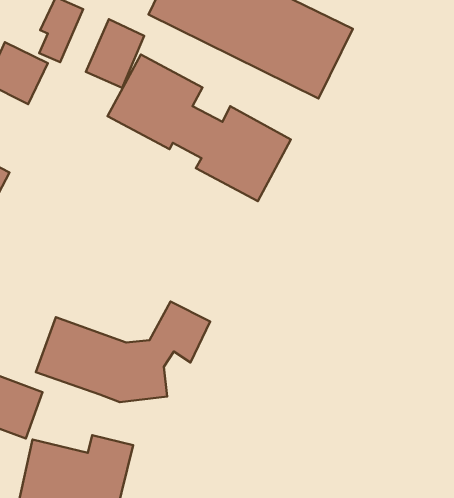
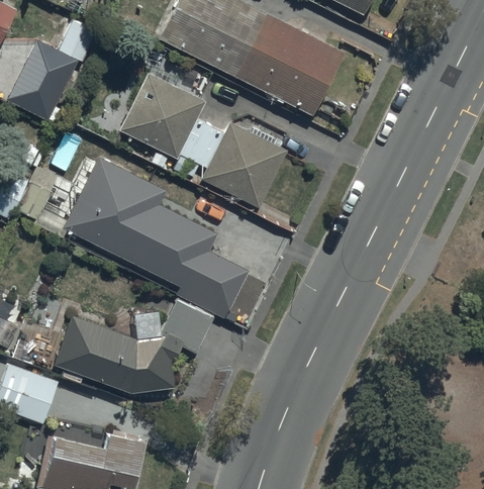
building: [86,19,144,88] -> none
building: none -> [38,160,266,327]

